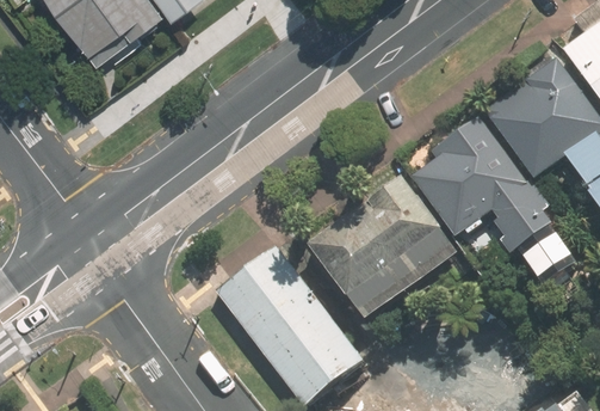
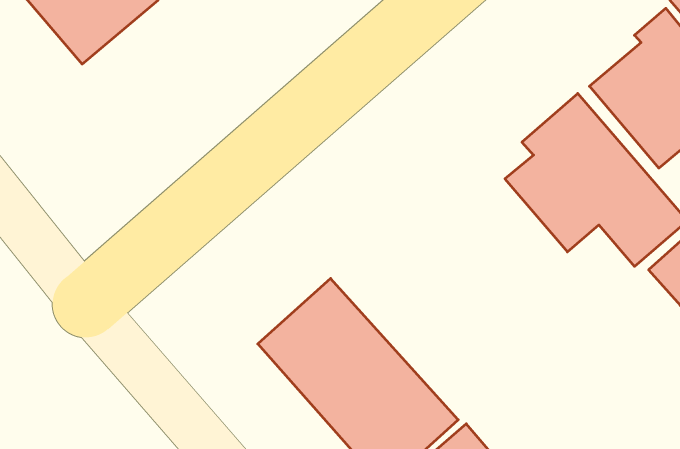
building: [313,173,459,317] -> none

